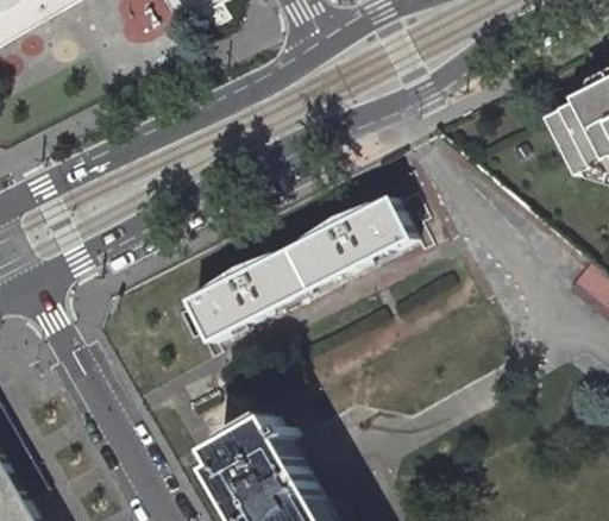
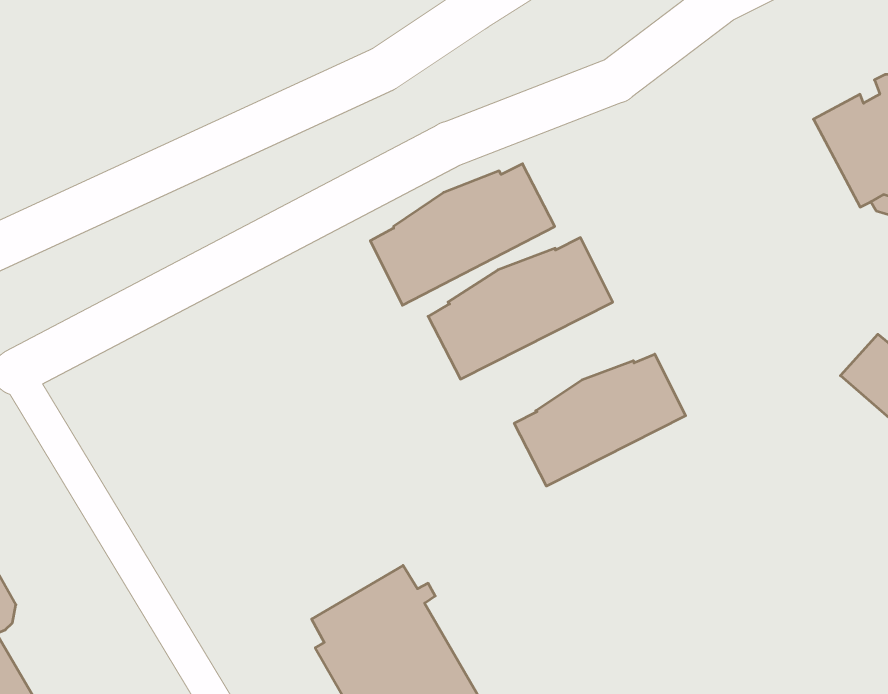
building: [184,249,307,343] -> [370,164,555,305]
building: none -> [514,354,686,486]

